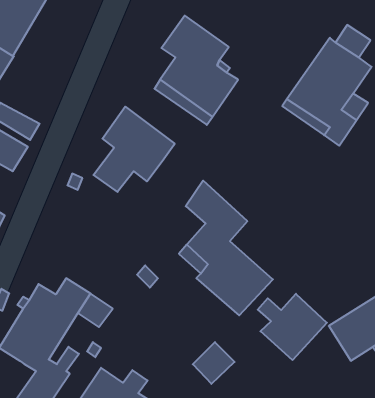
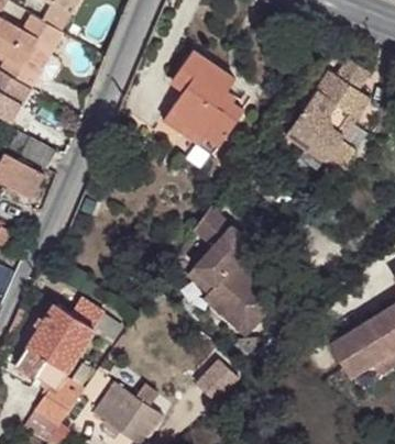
building: [93,107,175,192] -> none
building: [258,294,327,360] -> none

